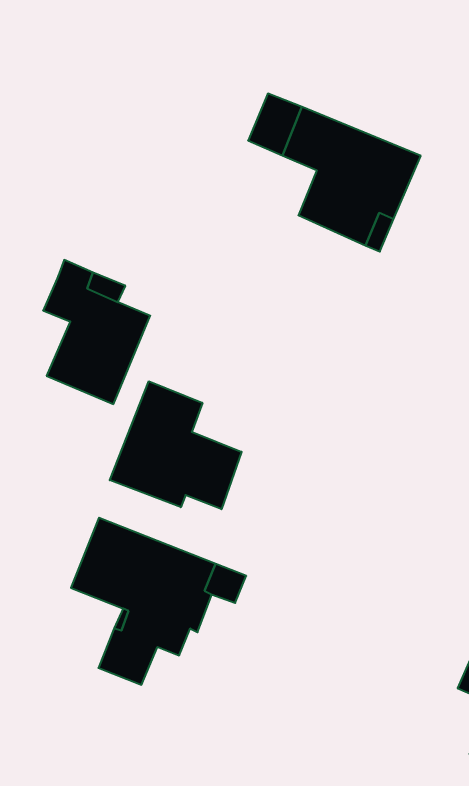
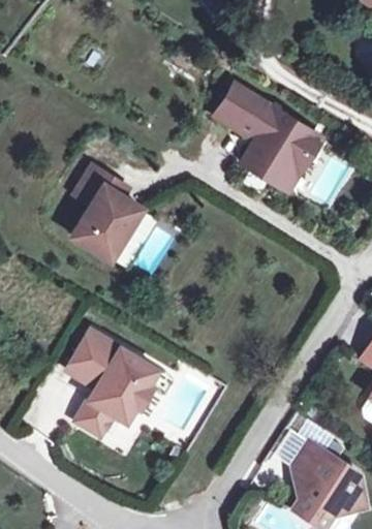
building: [110,381,242,509] -> none

